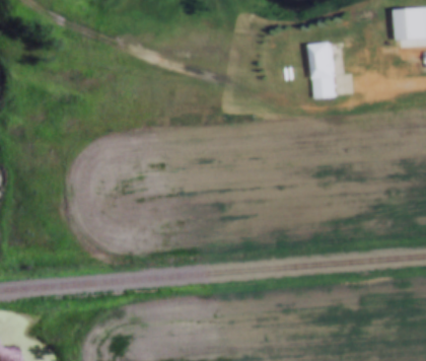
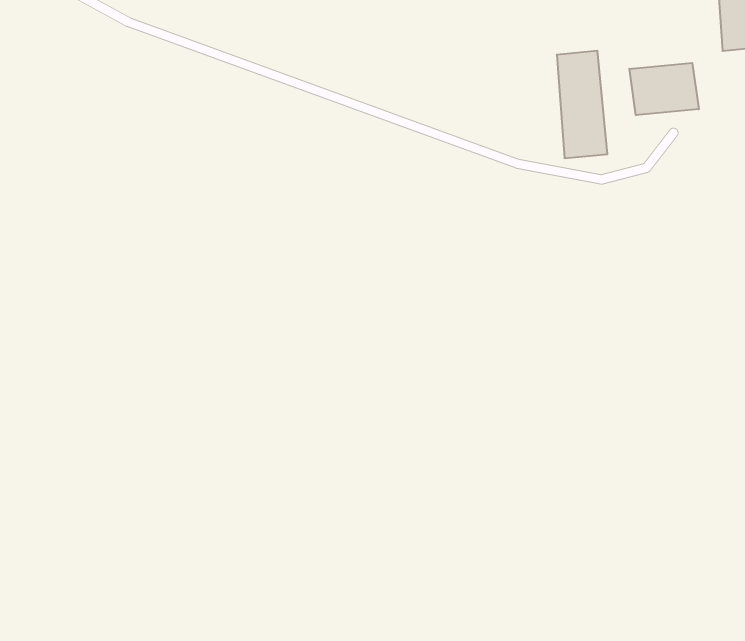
building: none -> [629,63,699,115]

